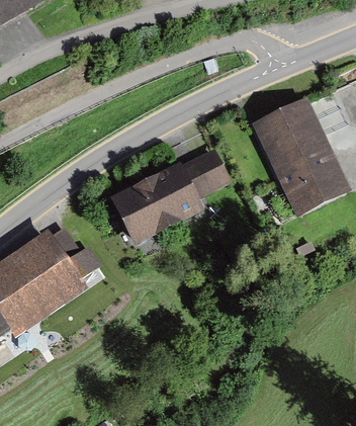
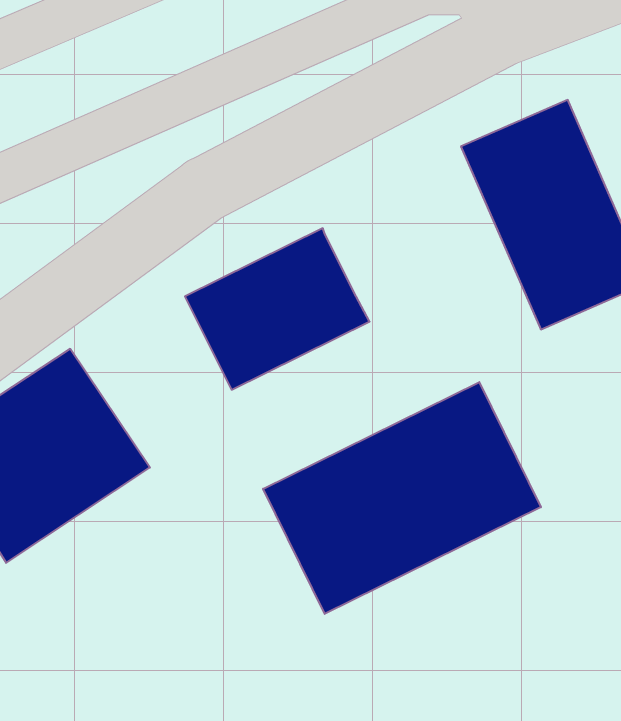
building: [182,148,232,196] -> none
building: none -> [263,382,541,614]

